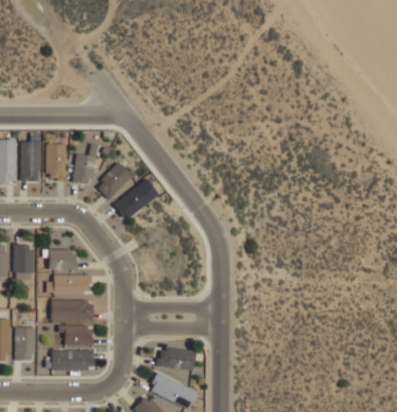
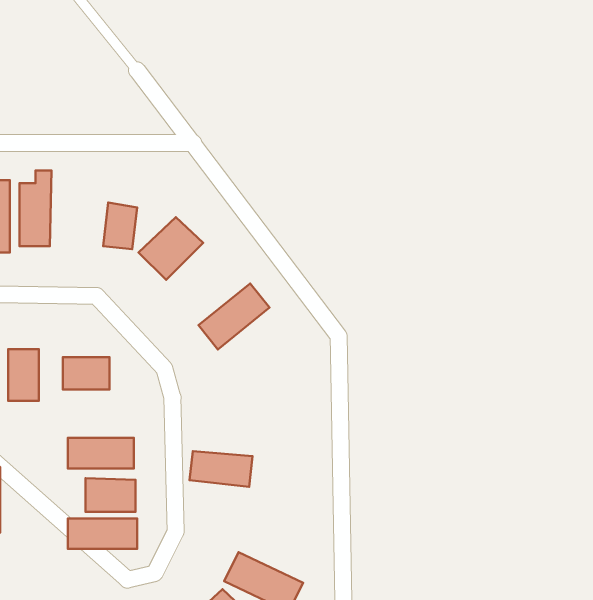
building: [47,144,70,179] -> none
building: [115,179,159,220] -> [198,283,269,349]
building: [53,275,91,294] -> none
building: [15,328,34,360] -> none
building: [157,348,196,370] -> [190,451,253,487]

